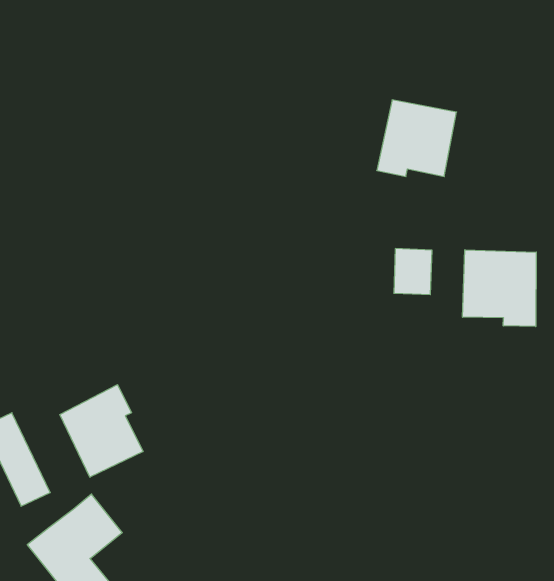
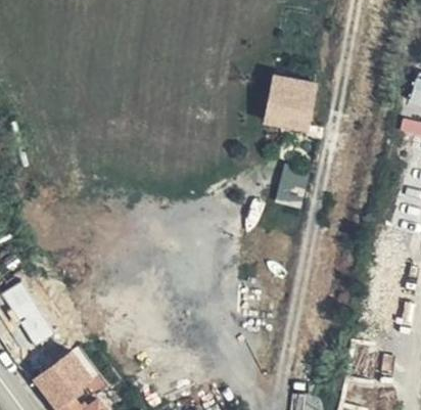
building: [463,250,536,327] -> none
building: [60,385,143,477] -> none

